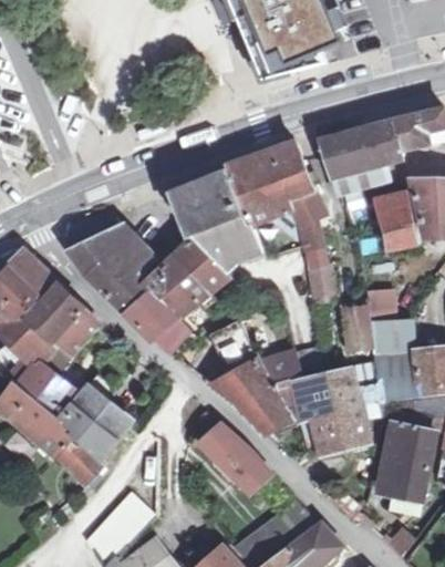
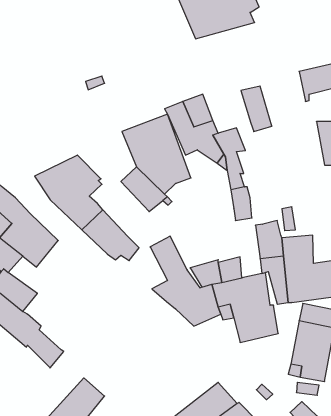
building: [344,120,400,186] -> none
building: [275,138,315,195] -> none
building: [376,193,417,247] -> none
building: [146,254,215,320] -> none
building: [61,373,130,458] -> none
building: [199,424,270,492] -> none

